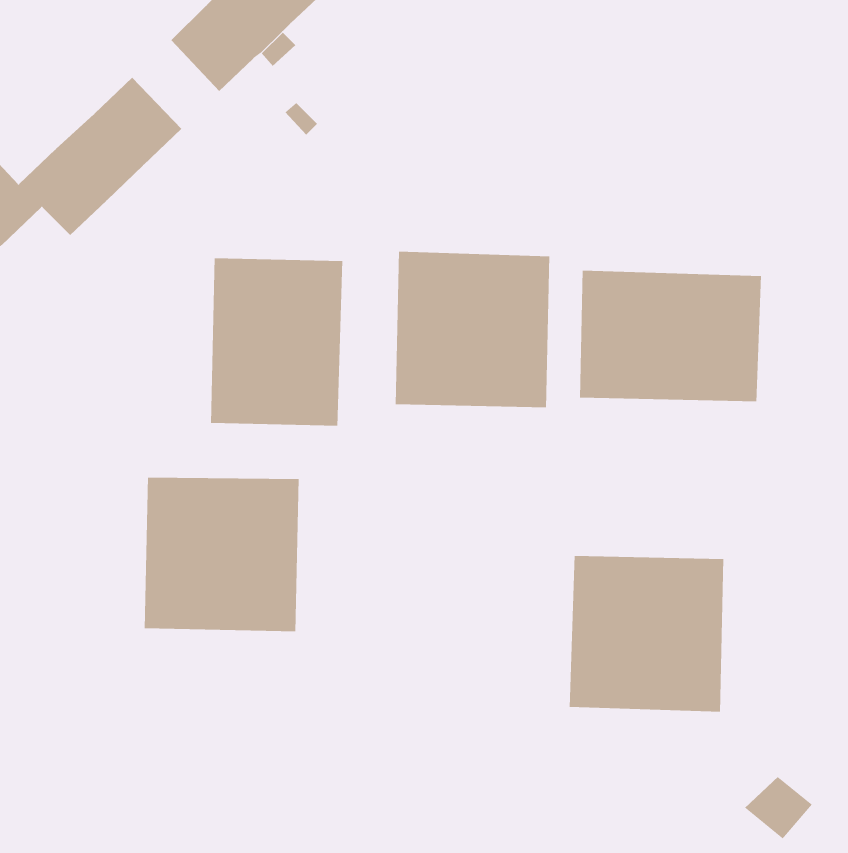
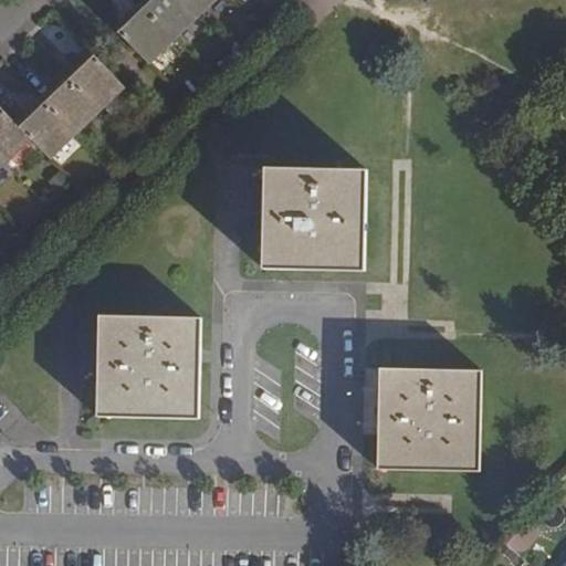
building: [210,258,343,426] -> none
building: [579,270,762,402] -> none

